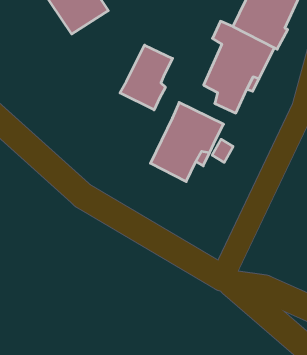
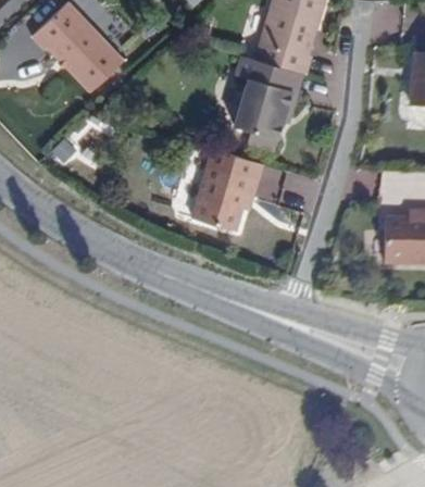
building: [120,45,173,110] -> none

